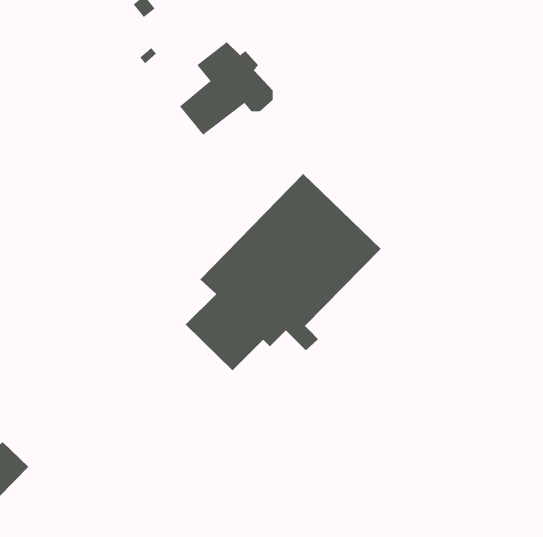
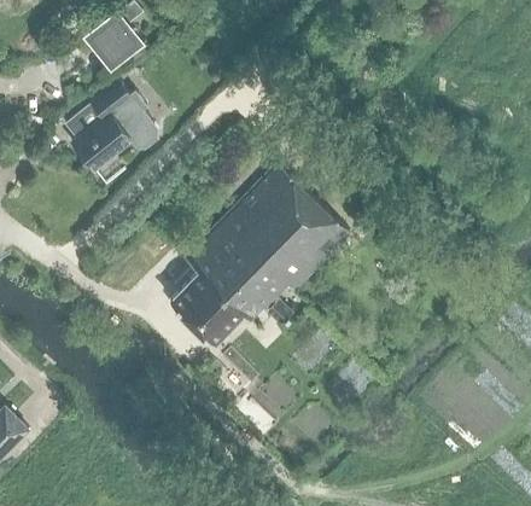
building: none -> [89,17,138,64]
building: [179,41,273,136] -> [71,85,157,170]

